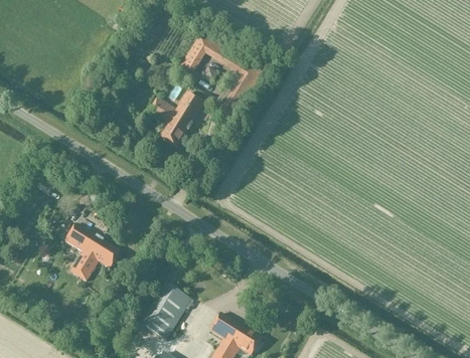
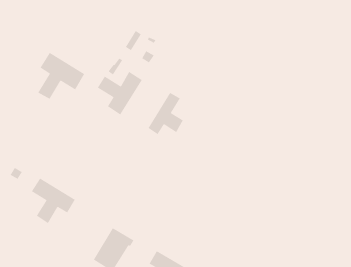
building: none -> [37,52,85,100]
building: none -> [147,92,184,135]

